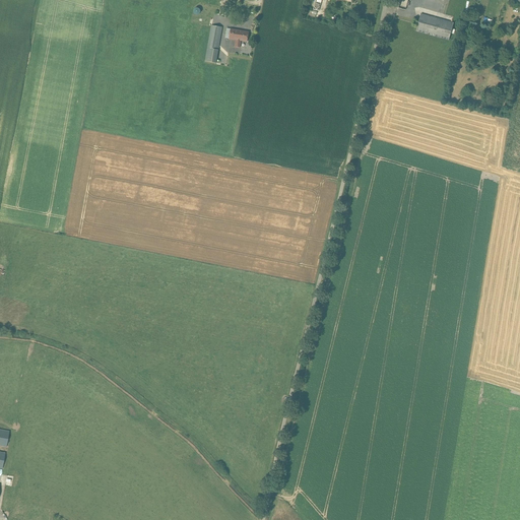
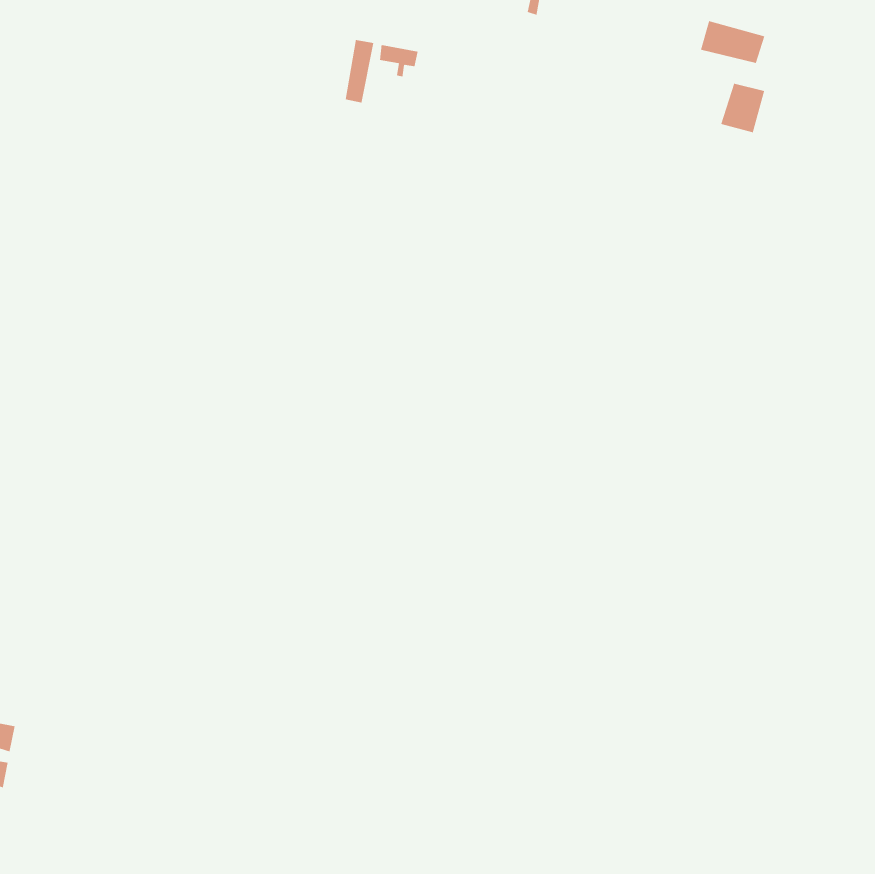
building: none -> [720,83,765,133]

